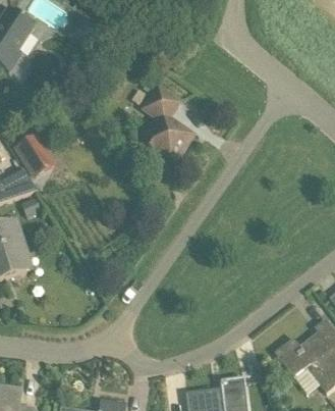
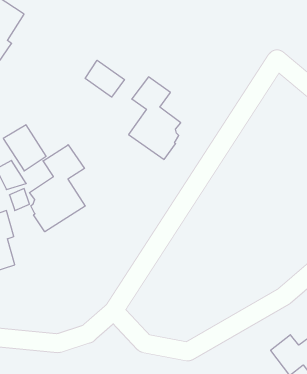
building: none -> [85,60,124,97]
building: none -> [30,145,85,232]

